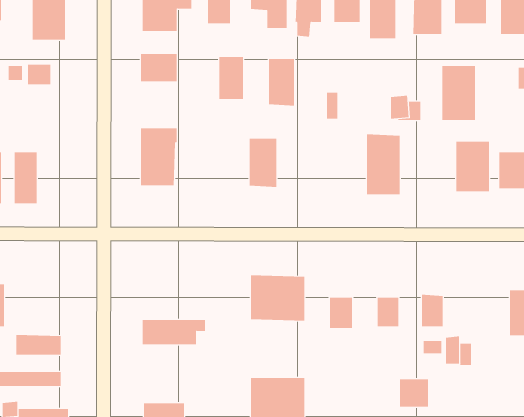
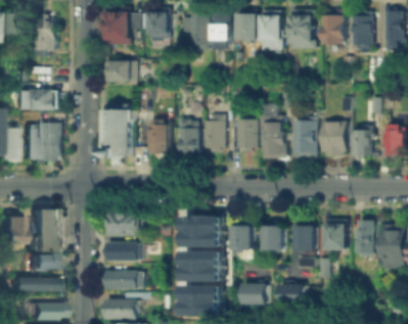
building: [219,56,244,99] -> [150,122,168,151]
building: [268,59,295,106] -> [205,115,223,148]
building: [442,66,476,120] -> [291,121,315,158]
building: none -> [13,92,56,111]
building: none -> [235,120,256,148]
building: none -> [38,126,58,164]
building: none -> [20,207,55,248]
building: none -> [105,212,140,233]
building: none -> [326,220,345,248]
building: none -> [180,248,218,278]
building: none -> [103,272,143,288]
building: none -> [243,283,265,303]

